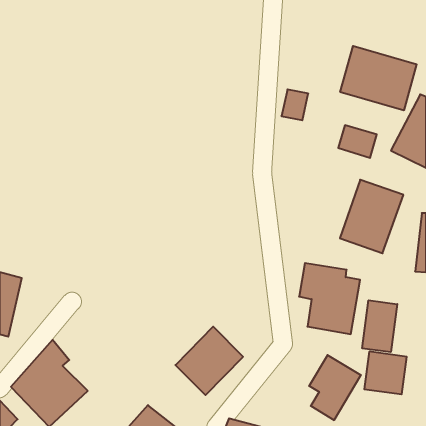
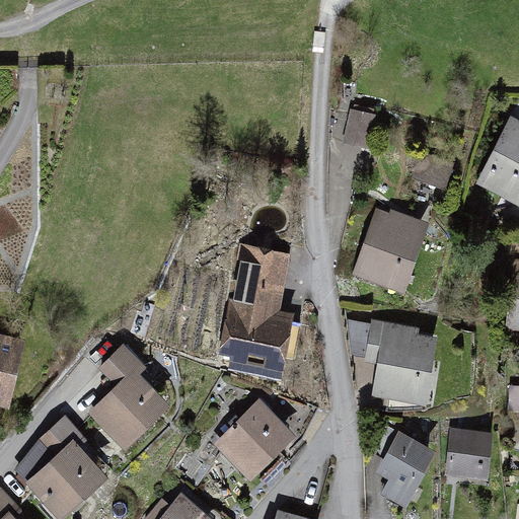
building: [340,46,417,110] -> none
building: [340,180,403,253] -> [352,204,429,293]
building: none -> [220,244,292,380]
building: none -> [90,344,175,455]
building: [362,300,397,352] -> none

